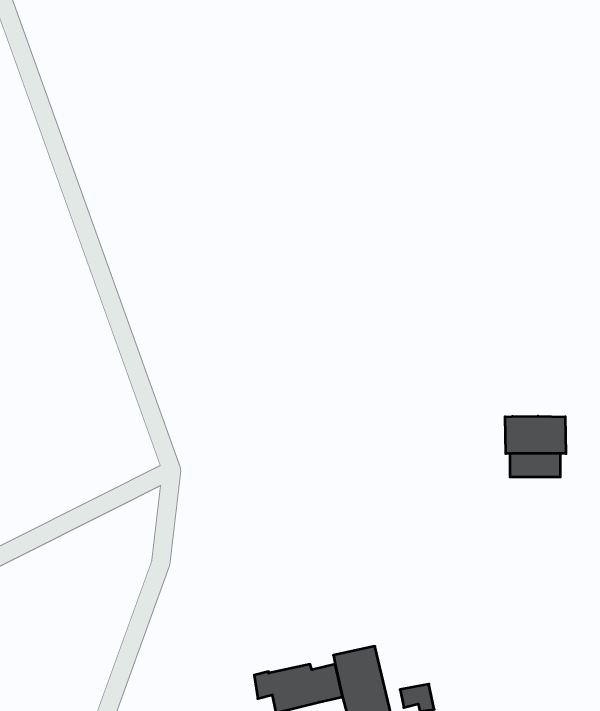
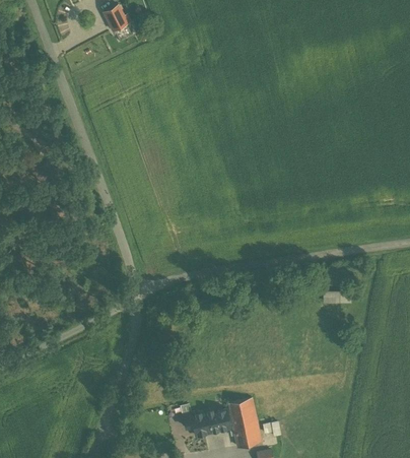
building: [505,416,566,454] -> none

